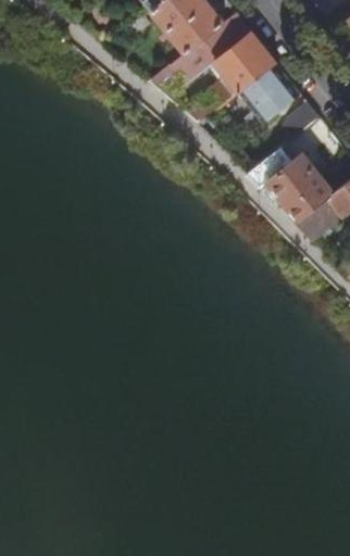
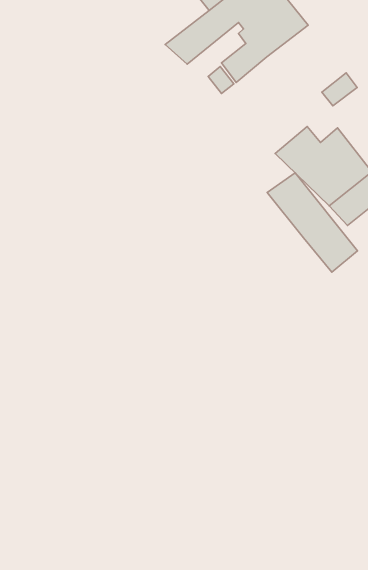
building: [238,62,300,123] -> none
building: none -> [267,173,358,272]

